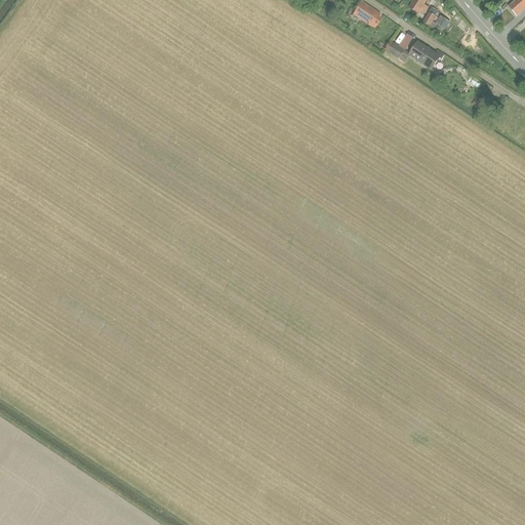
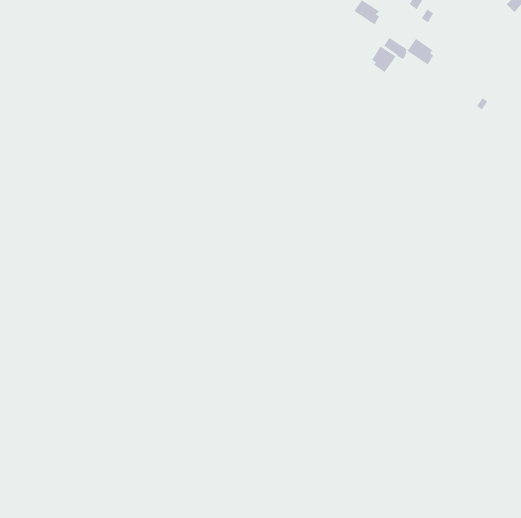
building: none -> [371,46,396,73]

